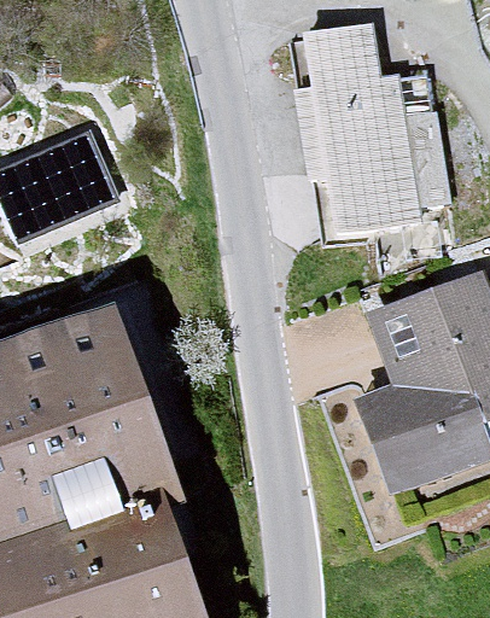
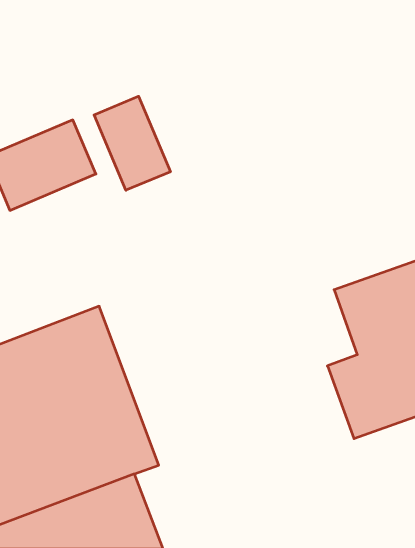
building: [304,21,424,227] -> none
building: none -> [94,96,170,190]

